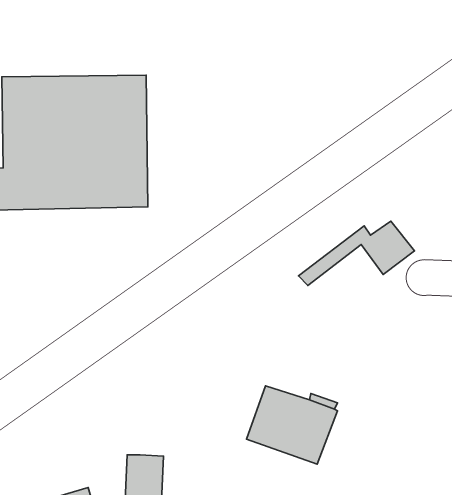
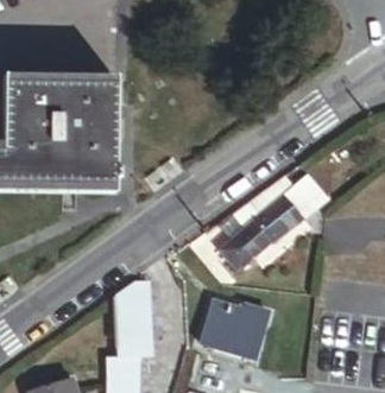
building: none -> [216,199,299,273]
building: none -> [112,286,149,360]

